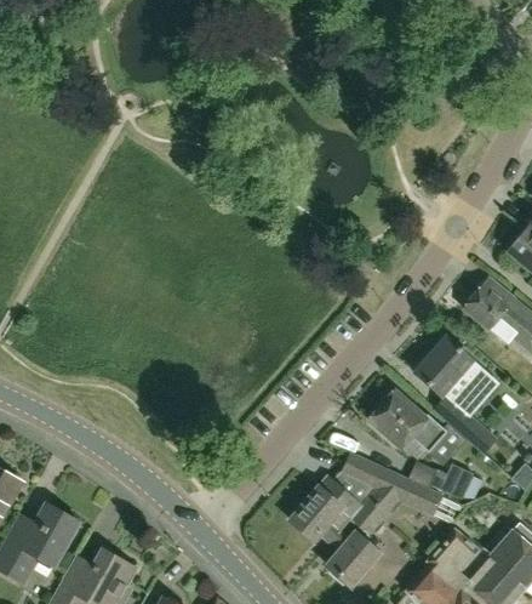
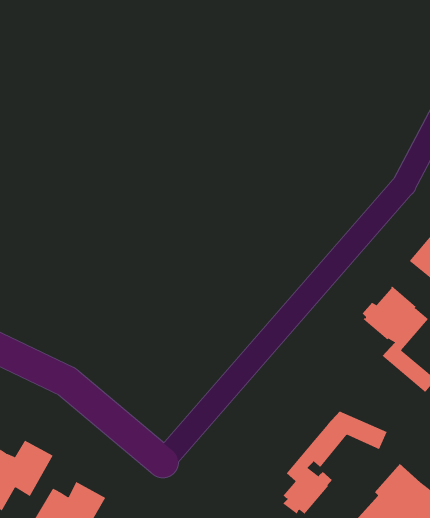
building: [373,394,448,460] -> none
building: [344,455,390,488] -> none
building: [430,465,475,501] -> none
building: [291,477,362,541] -> none

